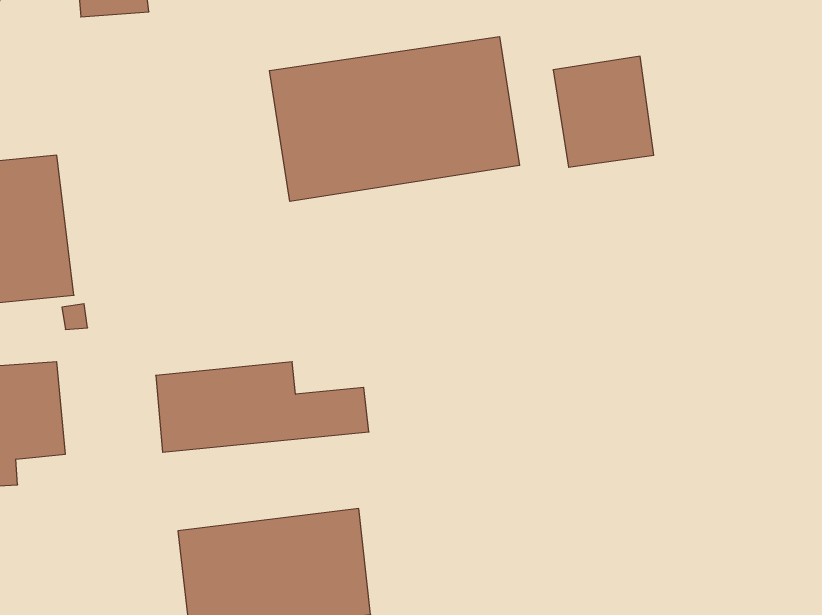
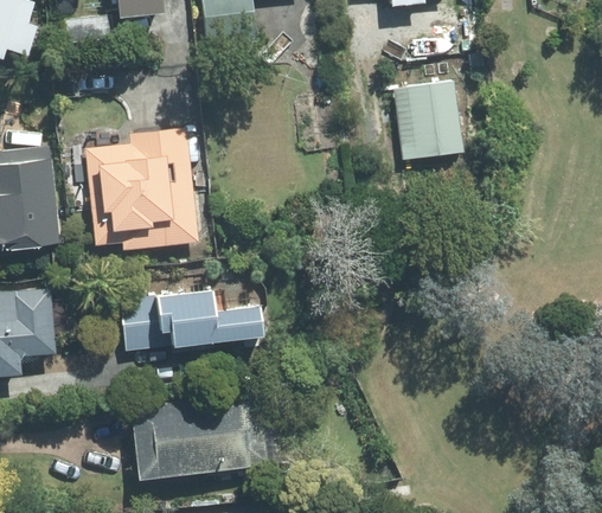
building: [269,37,520,201] -> none
building: none -> [83,128,197,251]

